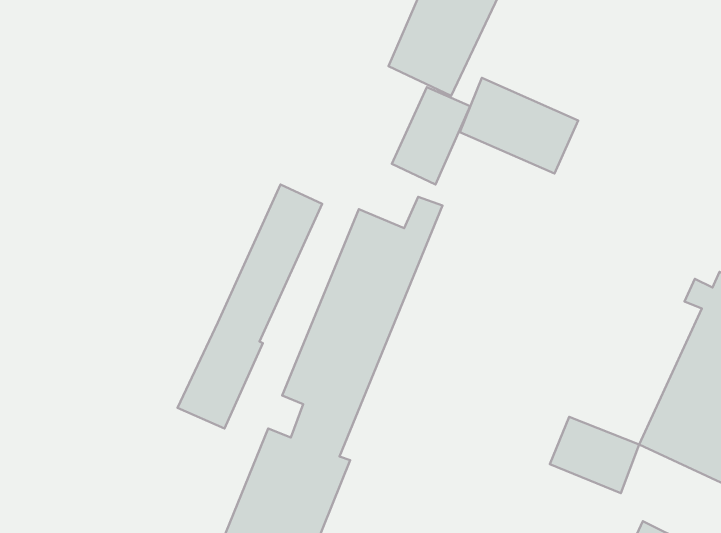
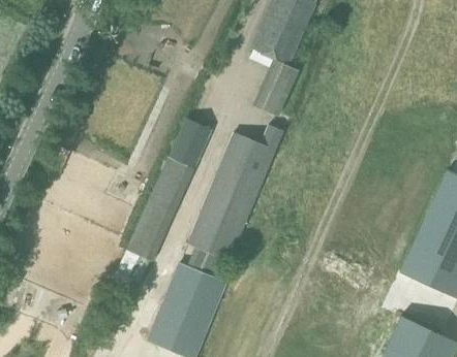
building: [460,78,578,173] -> none
building: [550,417,639,493] -> none

